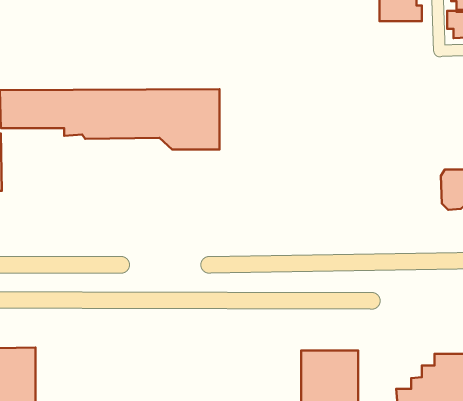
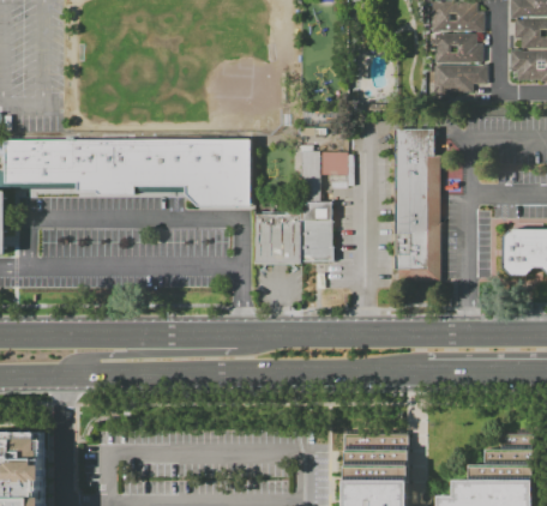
building: none -> [433,65,487,100]
building: none -> [392,132,435,282]
building: none -> [253,145,345,264]

